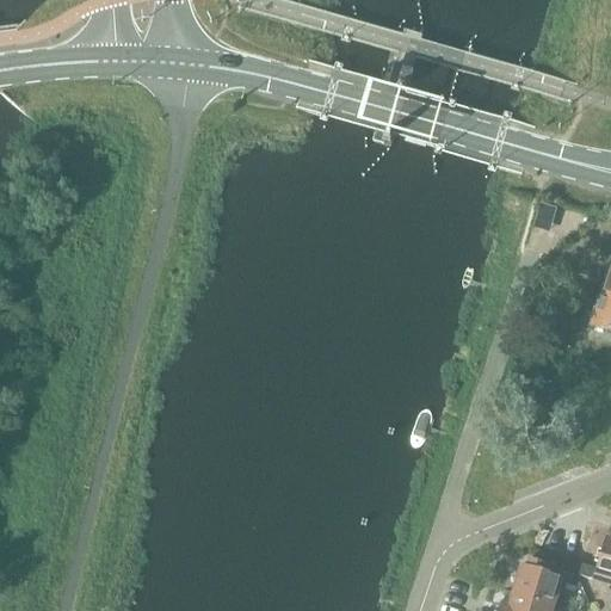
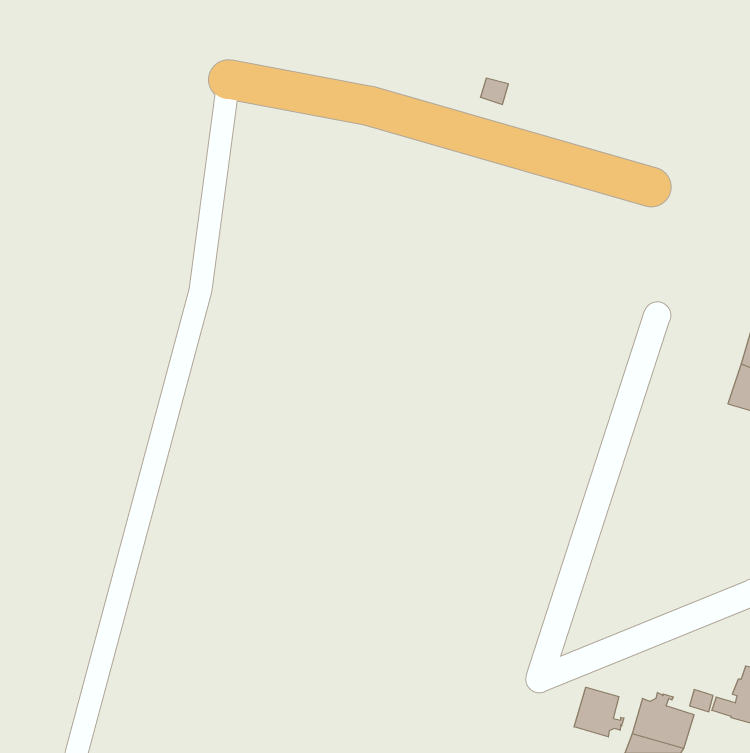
building: none -> [574,687,624,737]

